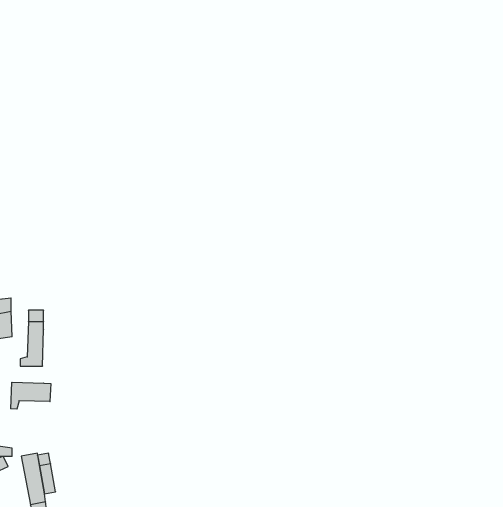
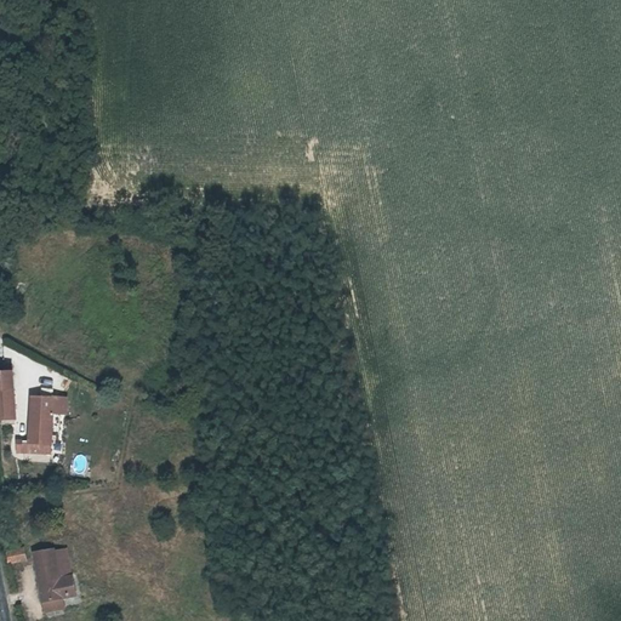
building: [11,382,51,409] -> none

